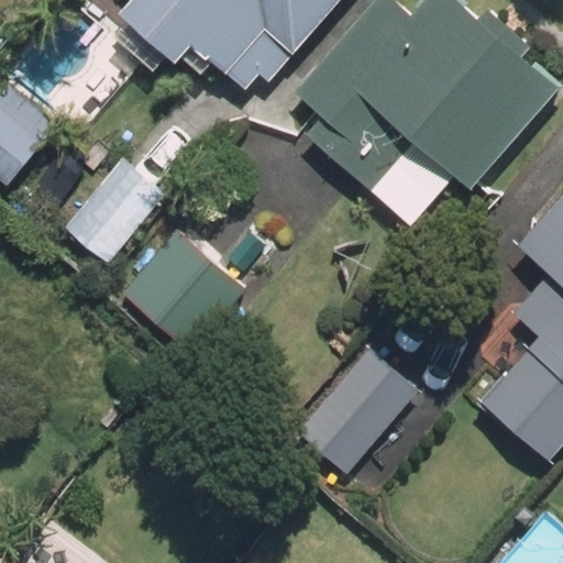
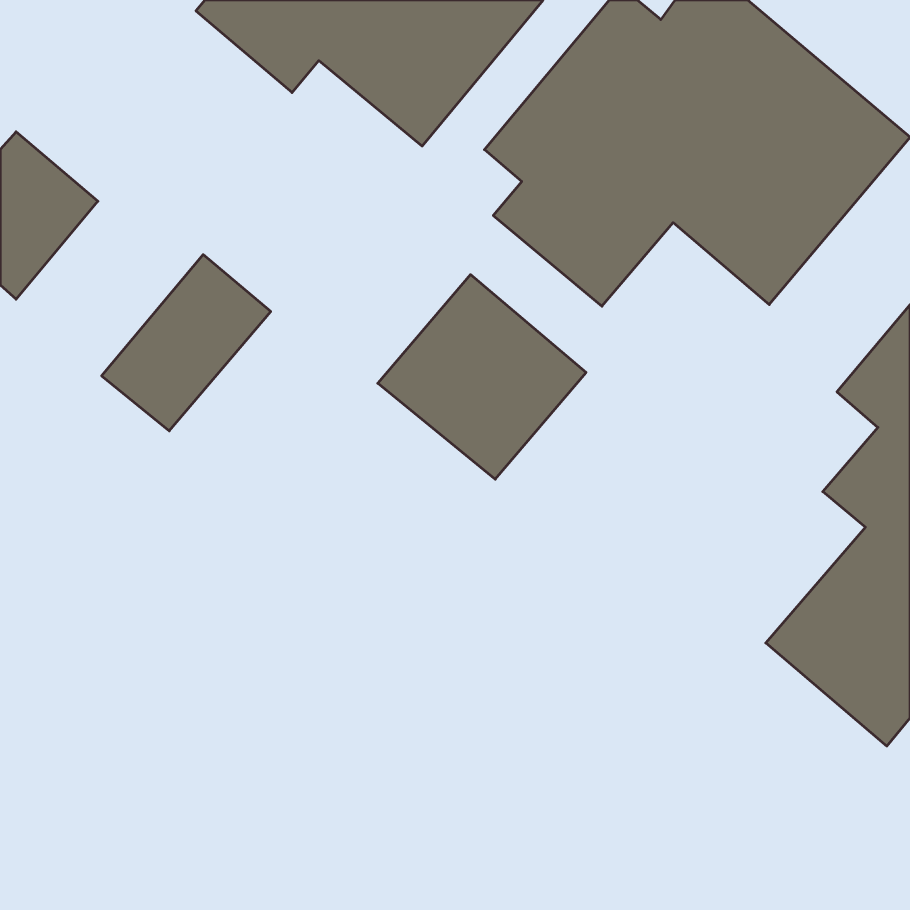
building: [117,224,245,351] -> [378,275,586,479]
building: [298,344,423,476] -> none

